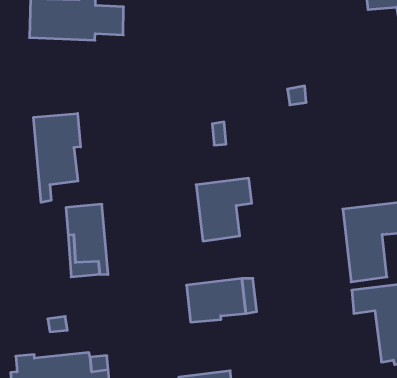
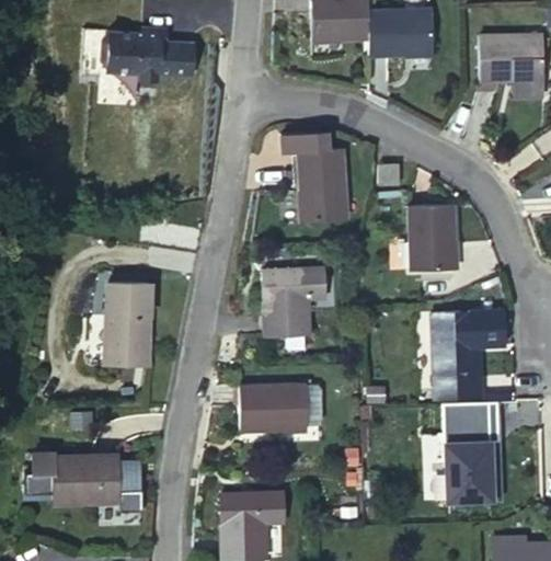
building: none -> [283,131,347,221]
building: [34,113,81,202] -> none
building: none -> [409,205,454,270]

